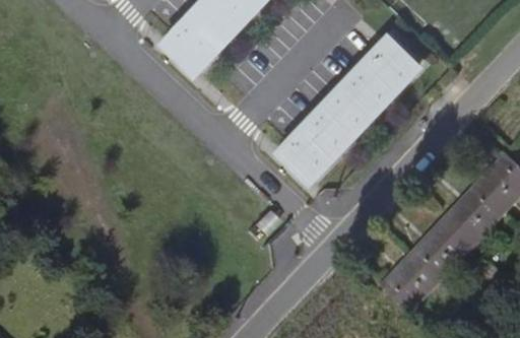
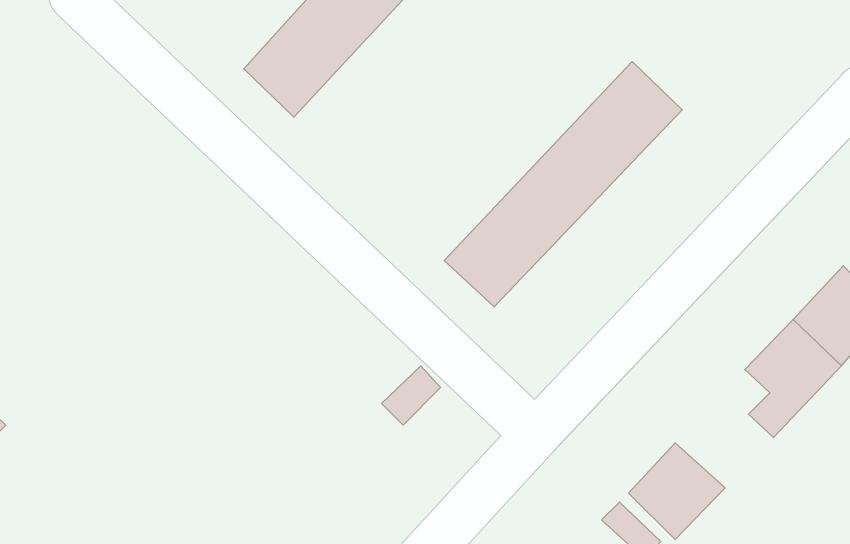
building: [412,211,468,278] -> none

